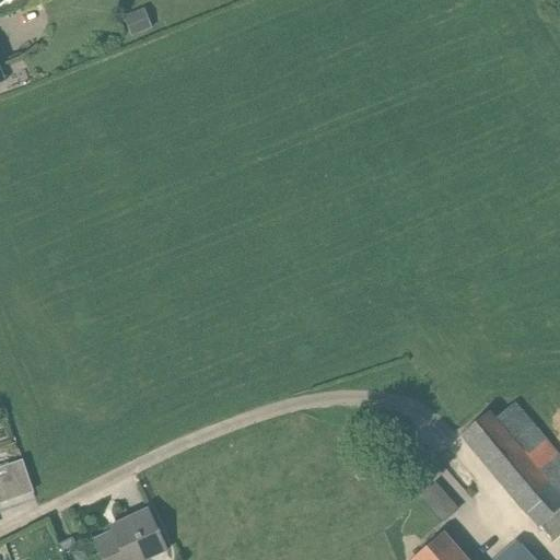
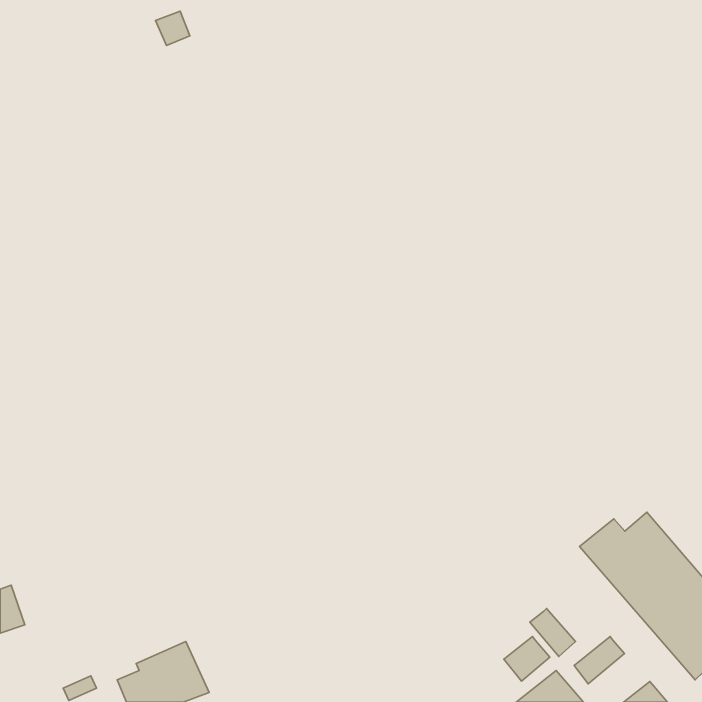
building: none -> [574,637,624,684]
building: none -> [504,637,550,681]

